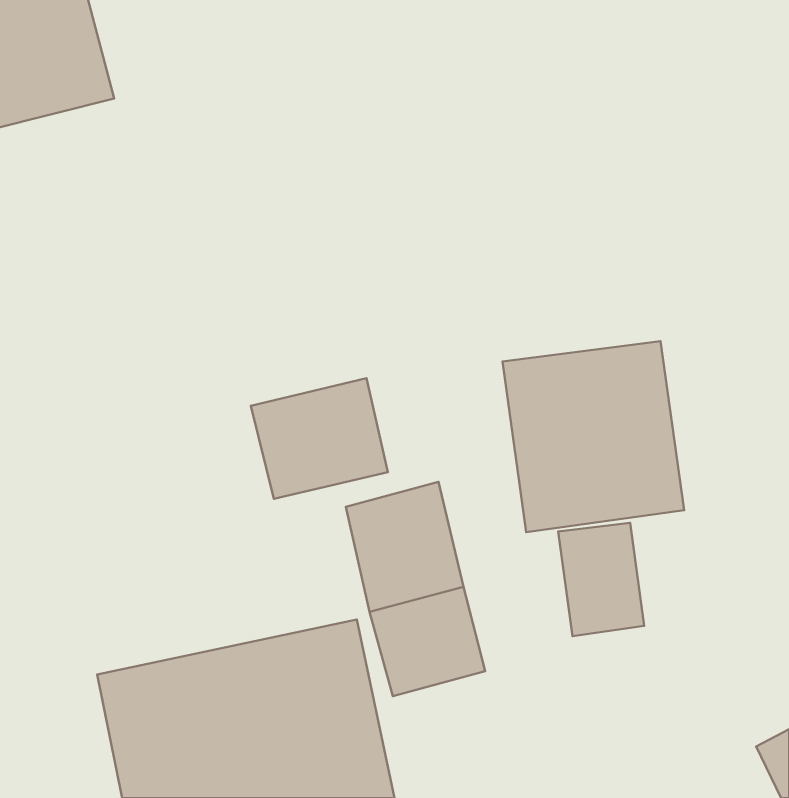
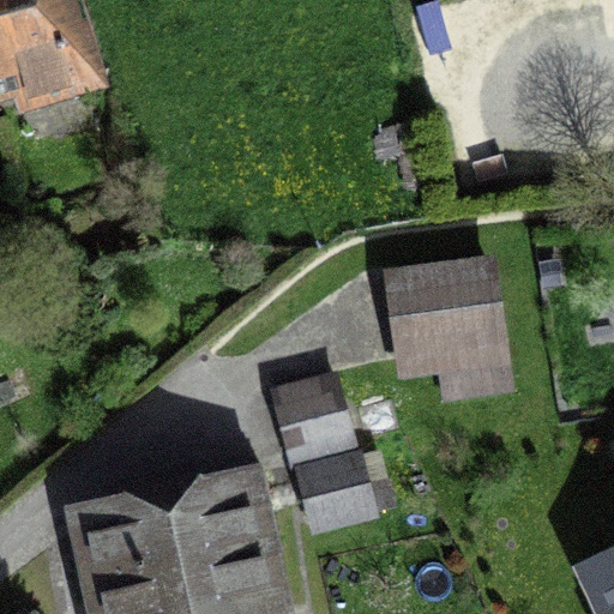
building: [251,378,388,499] -> none
building: [558,523,644,636] -> none

